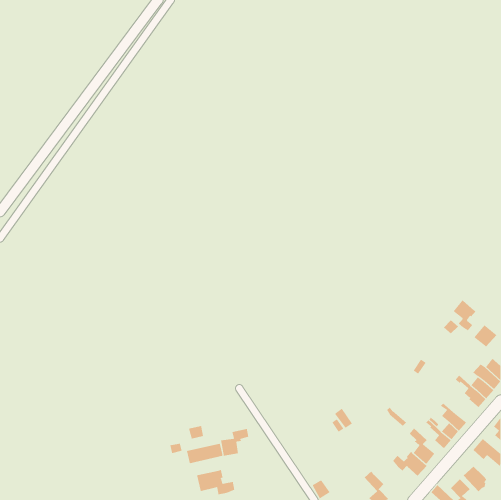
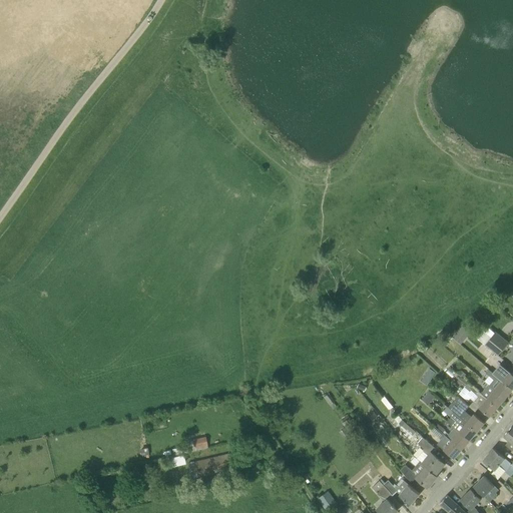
building: [453,300,476,331] -> none
building: none -> [449,398,484,433]
building: [221,428,249,456] -> none
building: [196,469,235,495] -> none
building: none -> [383,481,420,506]

